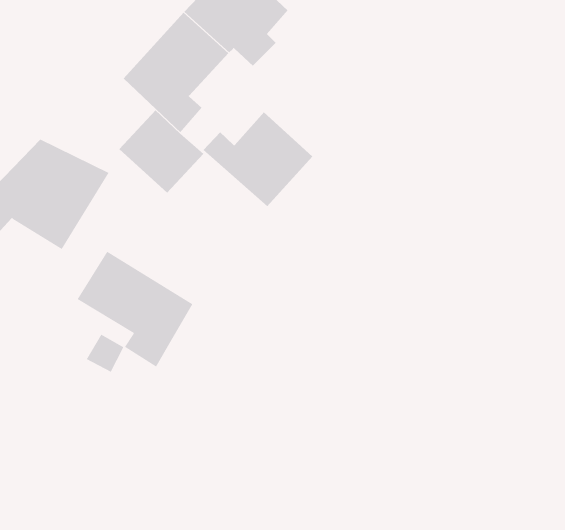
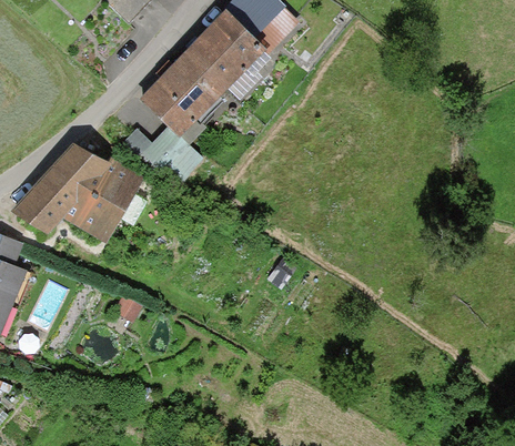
building: [203,111,313,207] -> none
building: [77,251,193,367] -> none

